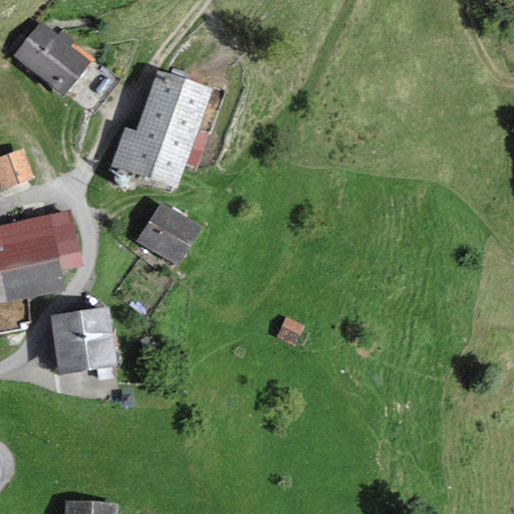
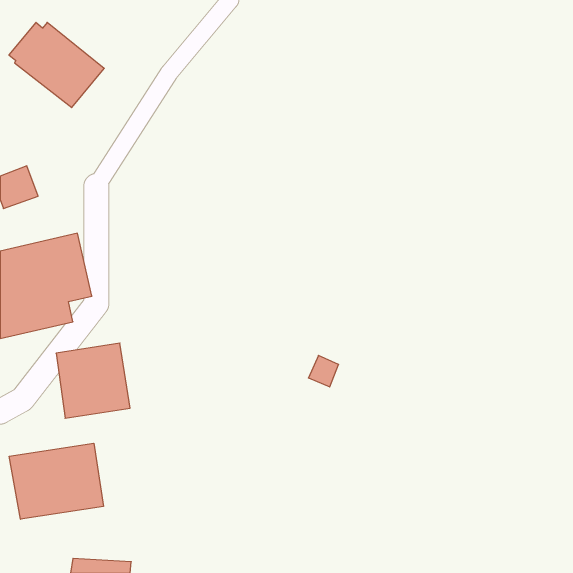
building: [111,71,211,188] -> none
building: [137,202,201,266] -> none
building: none -> [9,443,103,519]

